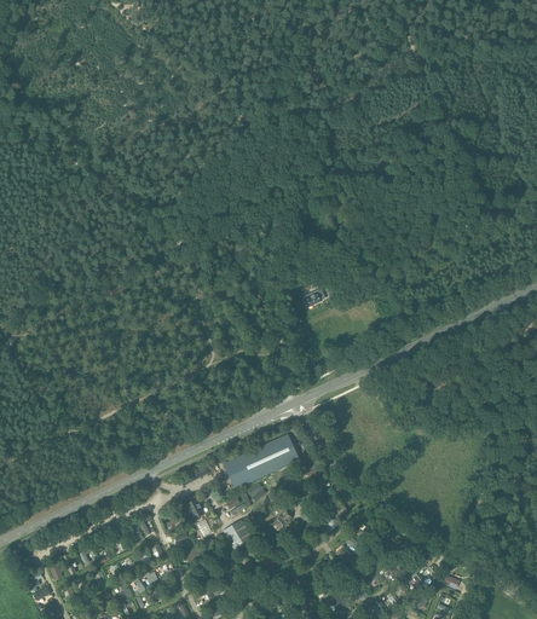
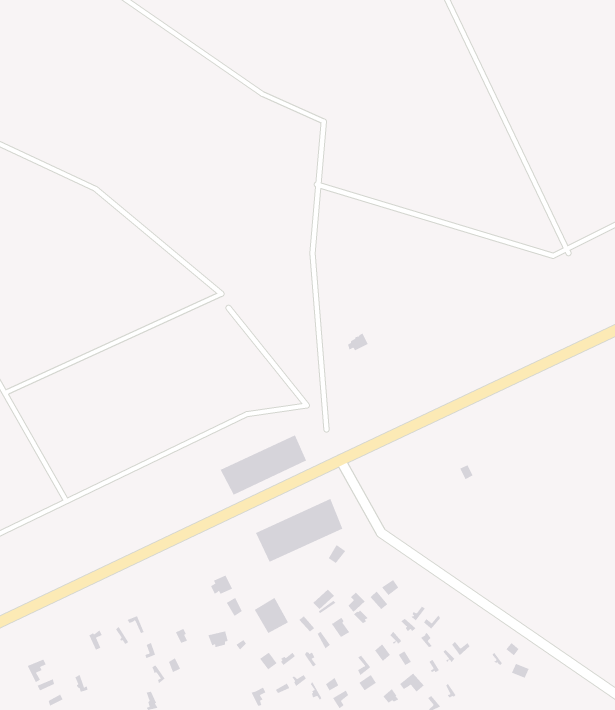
building: none -> [220,435,307,495]

